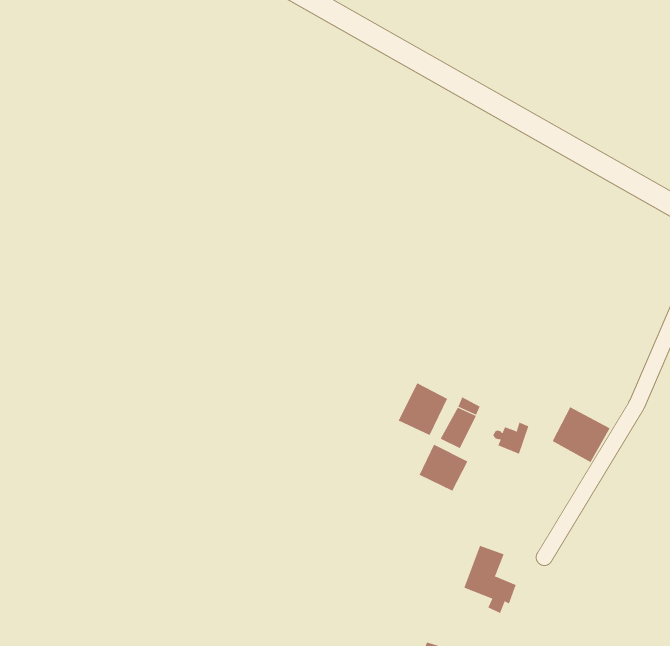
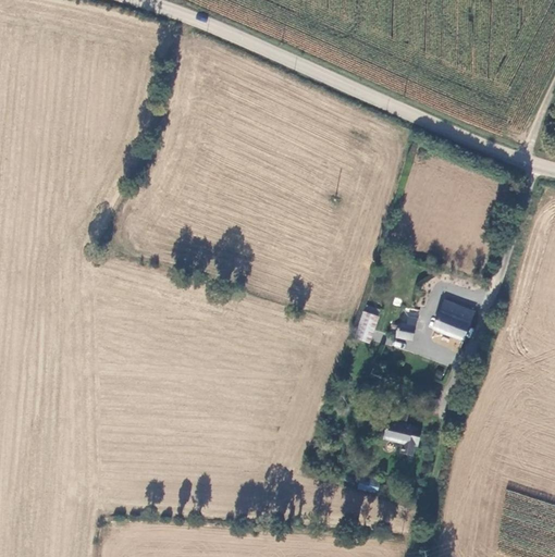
building: [398,382,448,436] -> none
building: [419,444,468,491] -> none

